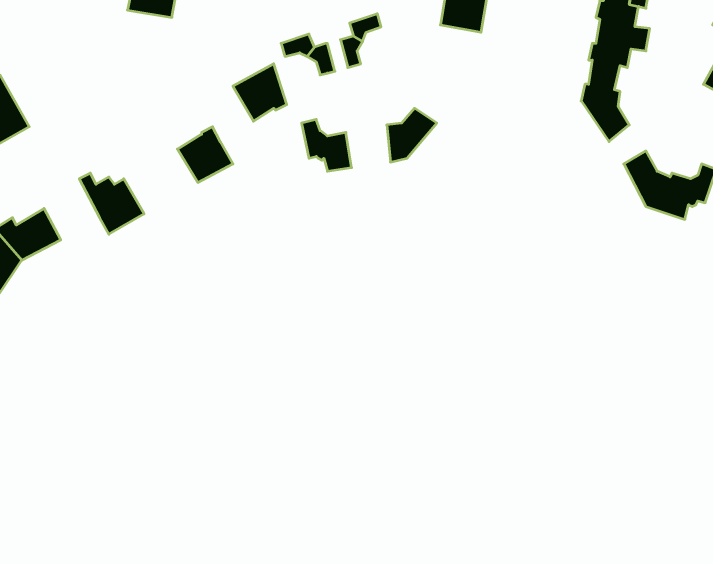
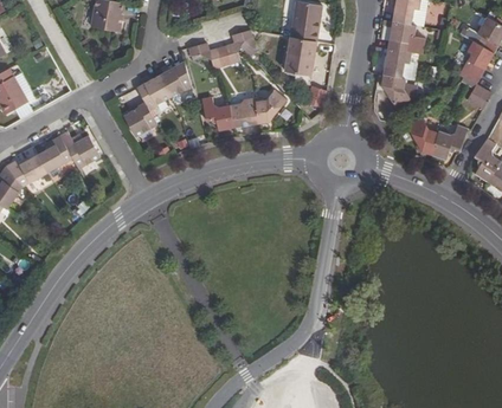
building: none -> [284,35,316,75]
building: none -> [136,75,170,110]
building: none -> [230,97,258,127]
building: none -> [37,134,72,173]

